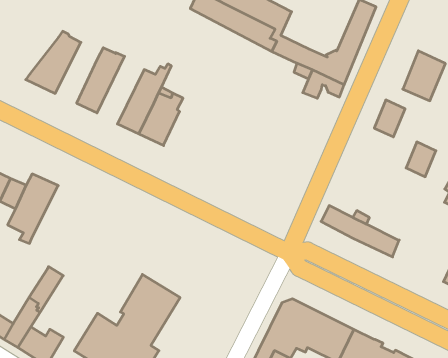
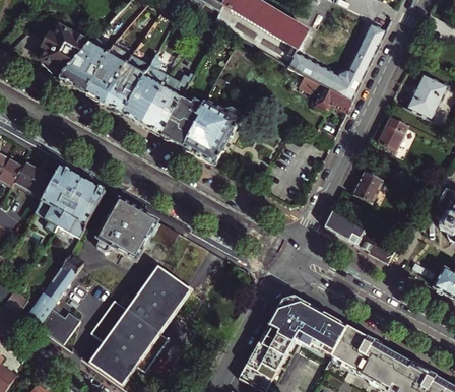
building: none -> [41,26,91,74]
building: none -> [85,43,132,104]
building: none -> [123,54,169,125]
building: none -> [183,101,241,165]
building: [406,142,436,177] -> [353,170,382,202]
building: none -> [57,179,105,237]
building: none -> [95,199,178,260]

